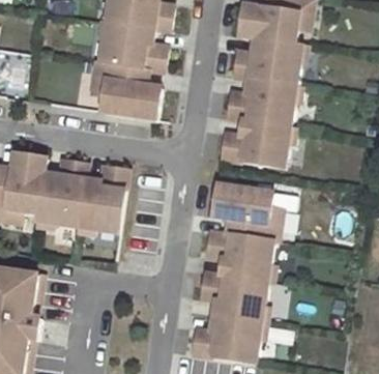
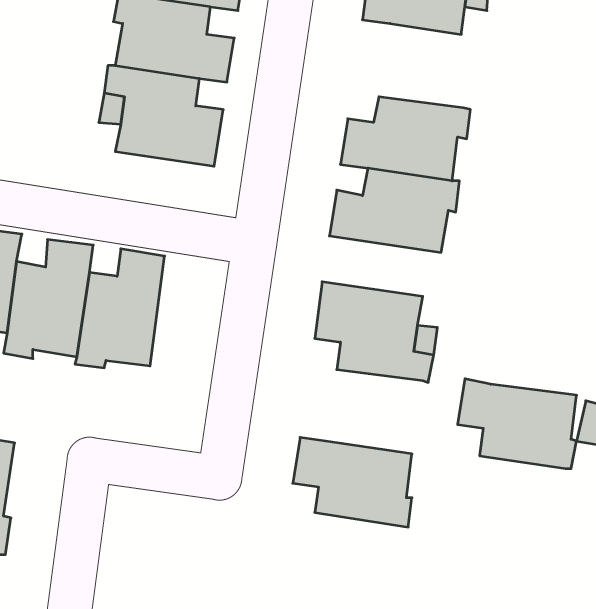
building: [232,38,305,86] -> none
building: [205,231,272,282] -> [458,379,577,469]
building: [191,315,264,364] -> none

